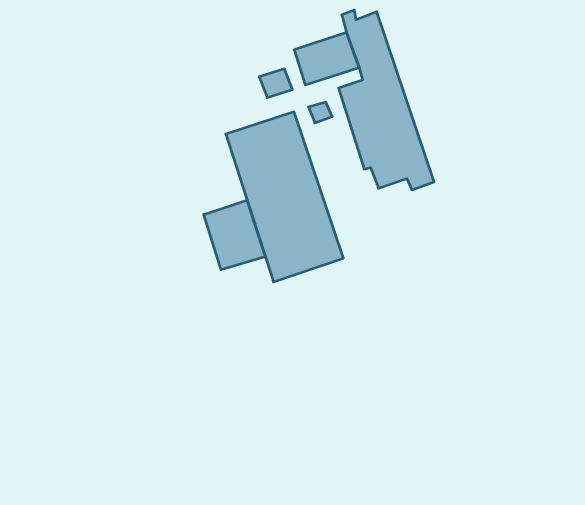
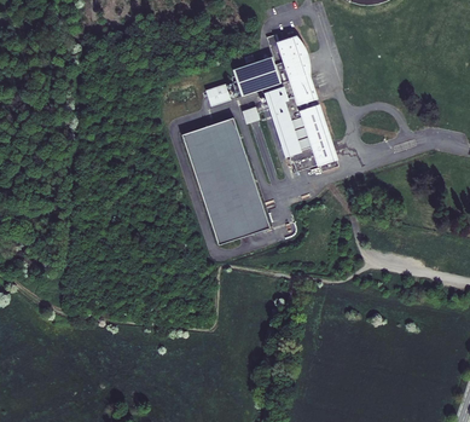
building: [204,200,265,270] -> none

